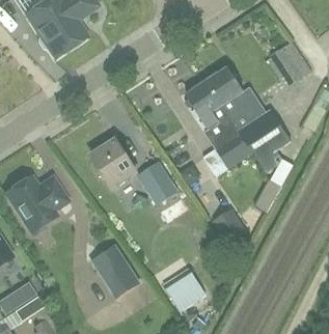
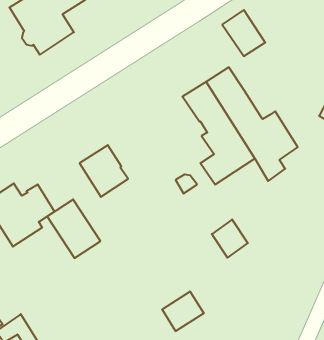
building: [271,41,310,84] -> [222,10,265,56]
building: [137,164,173,204] -> none
building: [91,244,140,298] -> [47,199,100,258]

